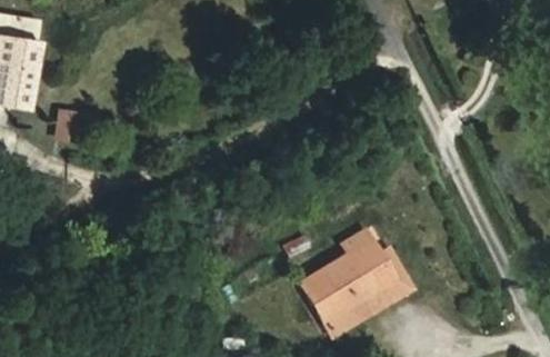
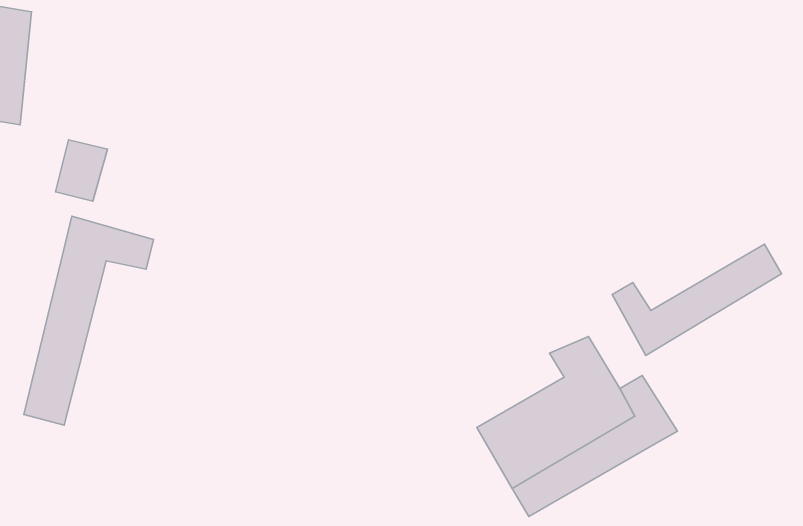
building: none -> [24,216,153,425]
building: none -> [612,244,782,355]

